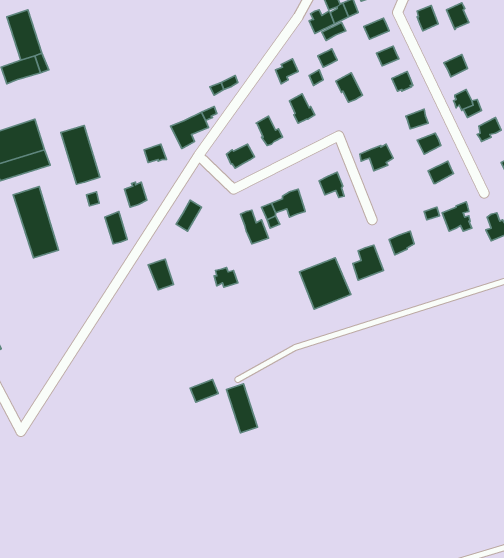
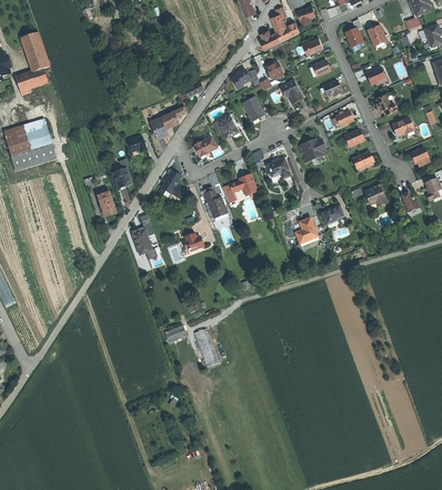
building: [61,126,100,184] -> none
building: [13,186,58,258] -> none
building: [300,258,351,309] -> none

